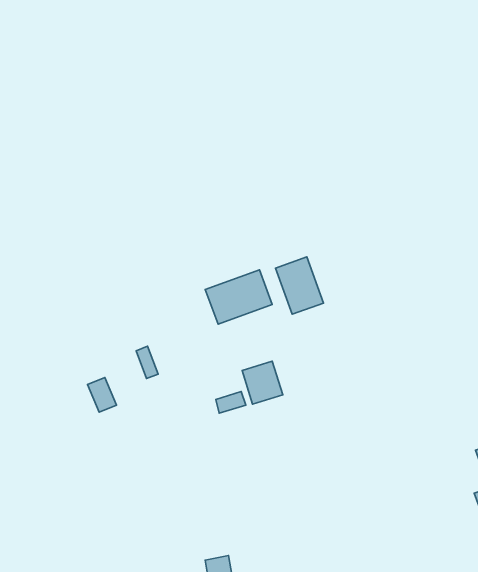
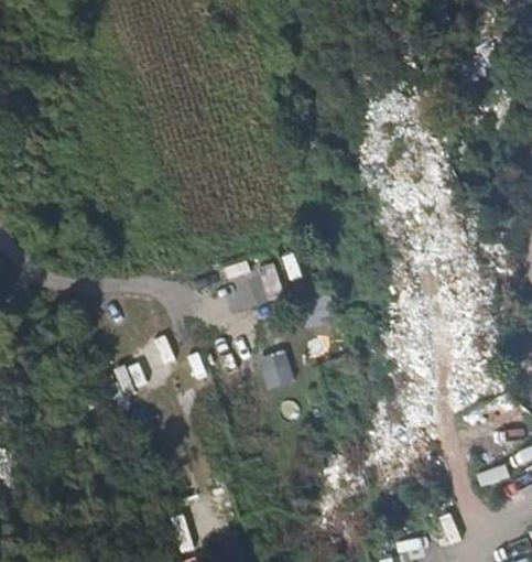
building: [275,257,324,314] -> none

